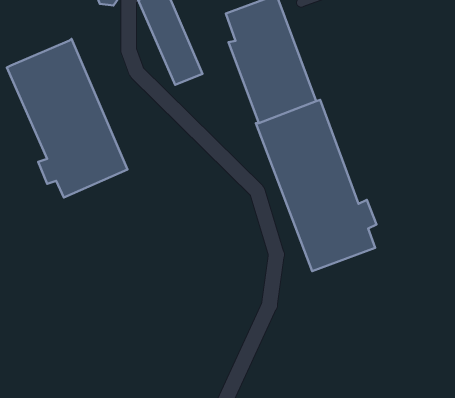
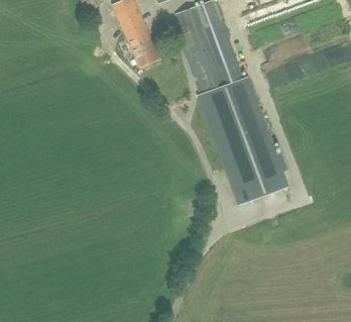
building: [7,39,128,197] -> none

